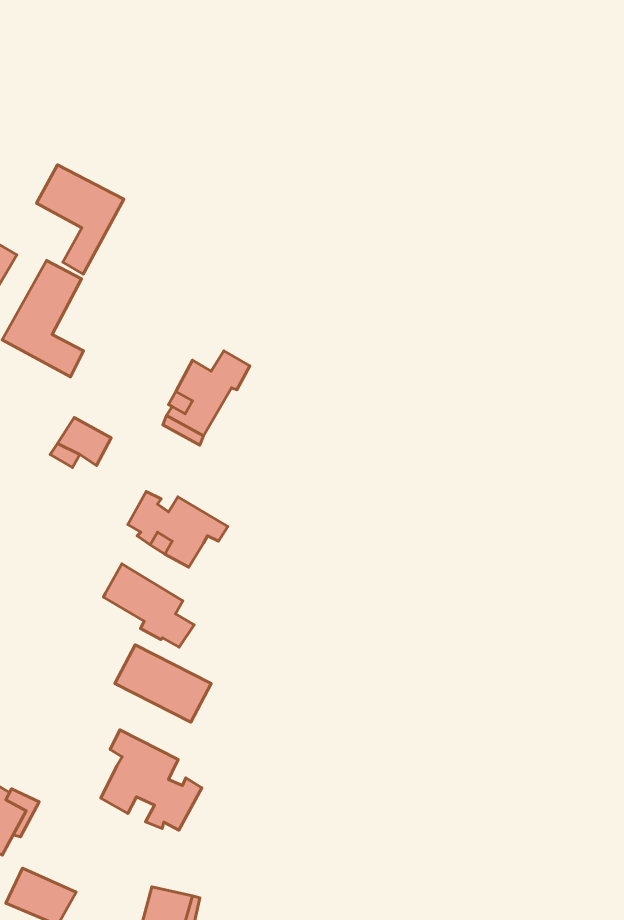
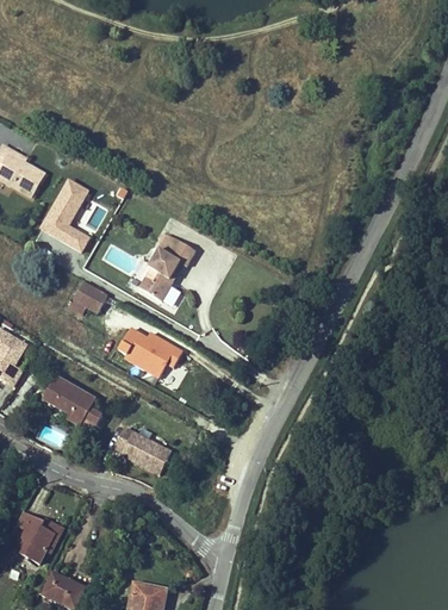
building: [37,165,124,274] -> none
building: [103,564,194,647] -> [44,375,102,429]
building: [101,730,202,830] -> none

